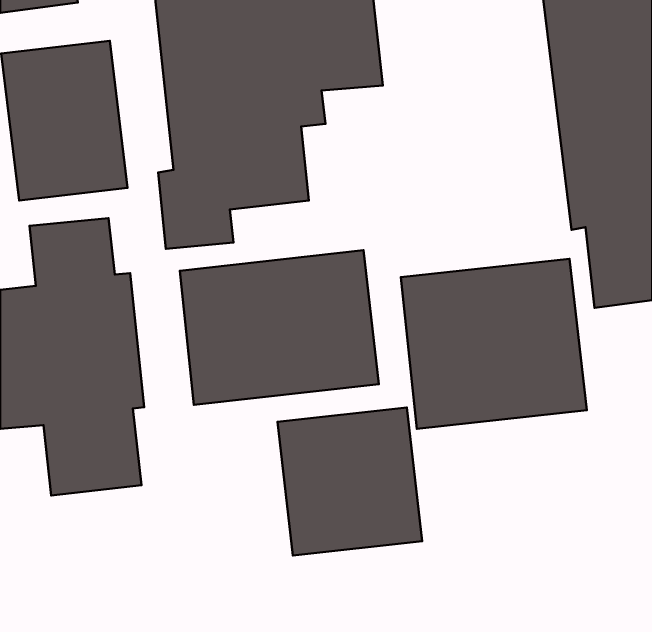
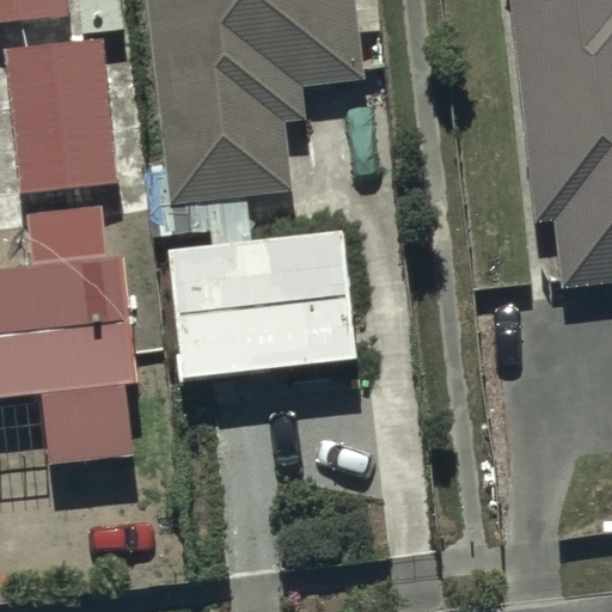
building: [401,259,587,429] -> none
building: [278,408,422,555] -> none

